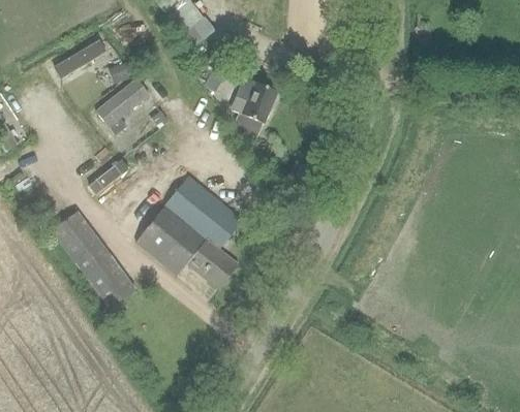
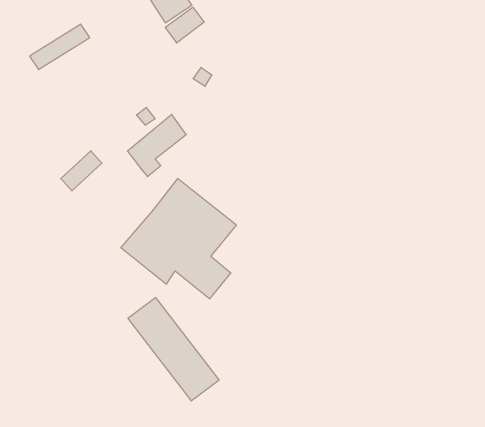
building: [97,78,152,136] -> [127,114,186,177]
building: [234,81,278,127] -> none
building: [53,213,137,309] -> [128,298,219,401]

